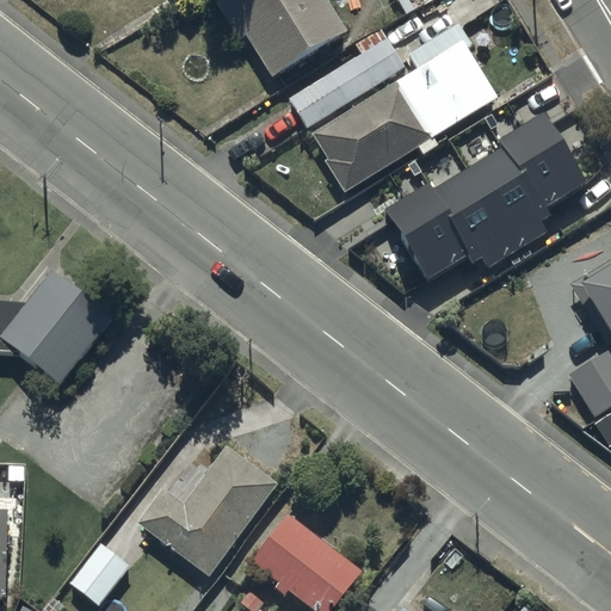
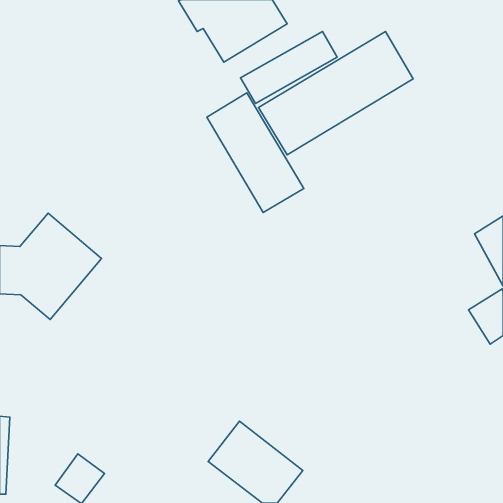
building: [382,111,585,280] -> none
building: none -> [207,93,304,213]
building: [136,440,282,576] -> none

